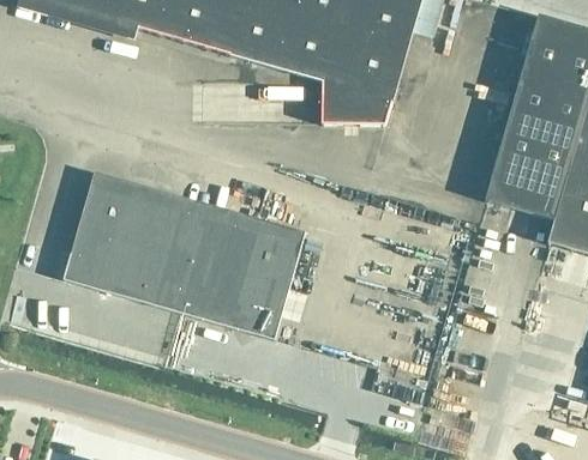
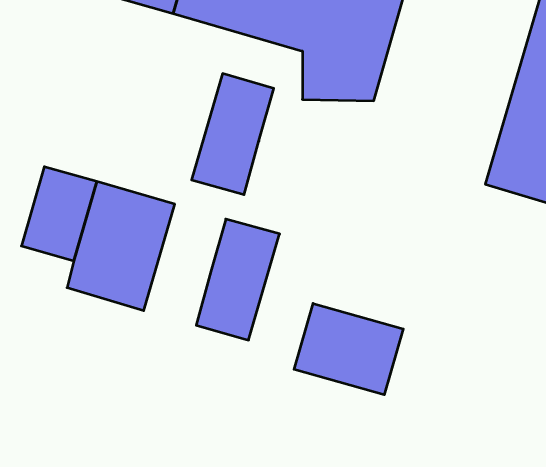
building: [180,216,253,323] -> [192,74,274,195]
building: [64,253,118,290] -> none
building: none -> [294,303,403,395]

